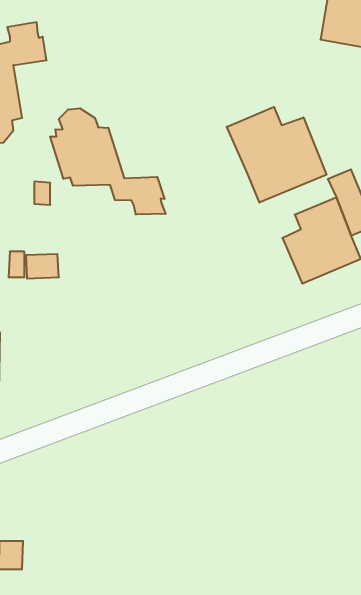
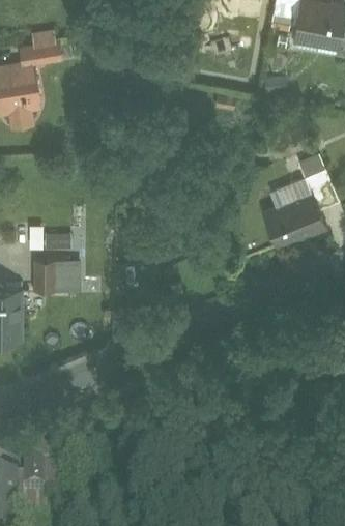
building: [227,107,327,203] -> none
building: [50,108,166,215] -> none
building: none -> [33,259,81,292]

